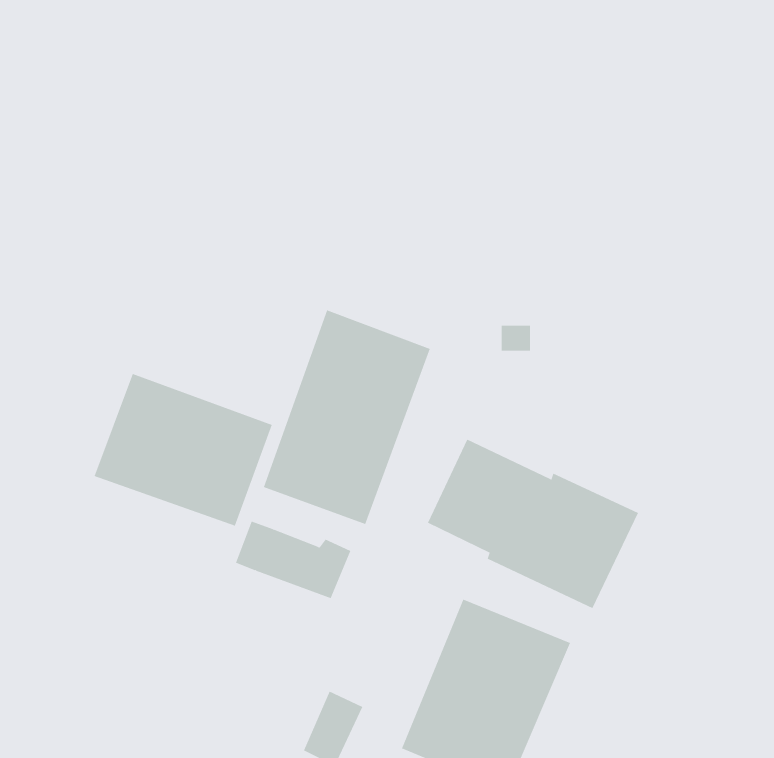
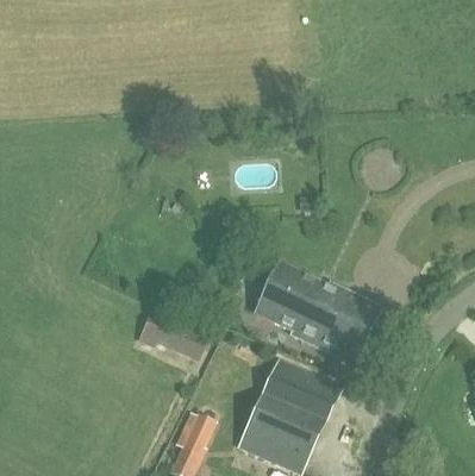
building: [263,309,431,525] -> none
building: [94,373,273,527] -> none

